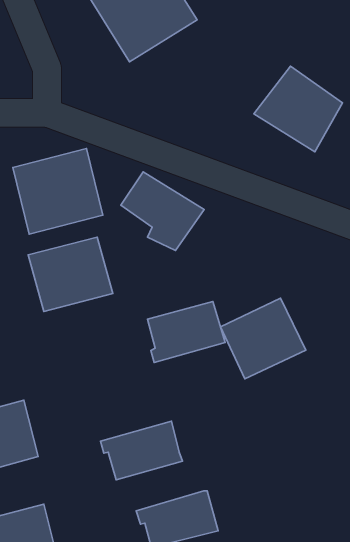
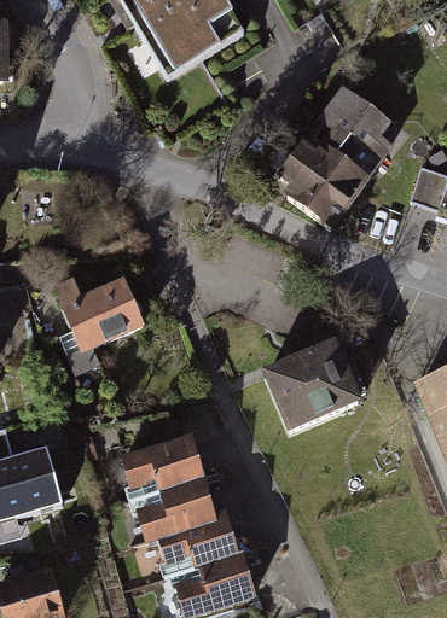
building: [13,148,103,234] -> none
building: [121,172,204,250] -> [275,136,366,222]
building: [147,302,225,363] -> [126,426,210,492]
building: none -> [146,501,245,570]

